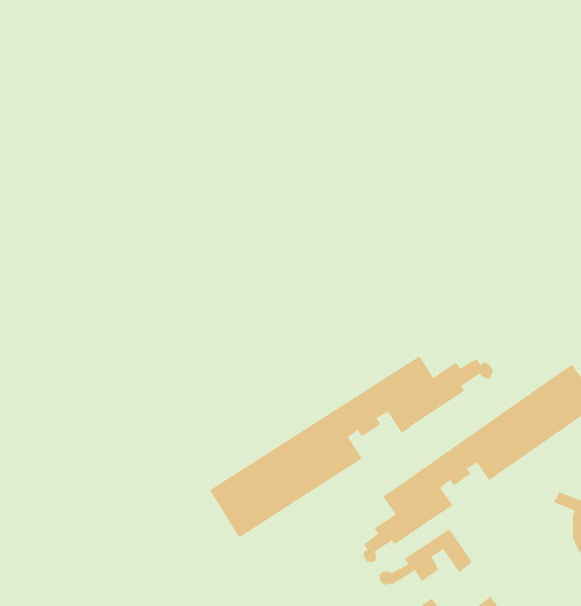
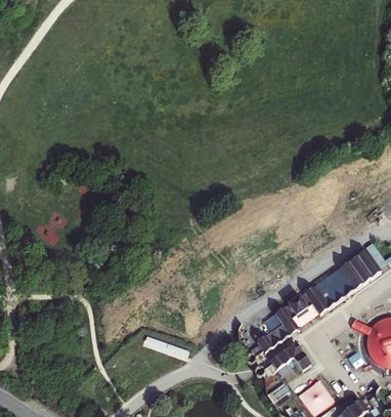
building: [209,356,494,538] -> none

